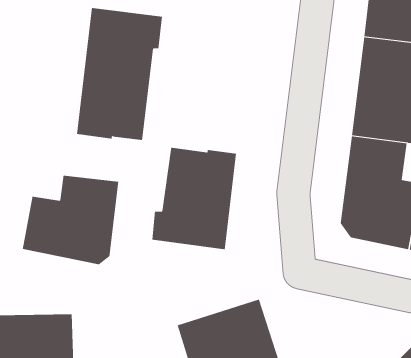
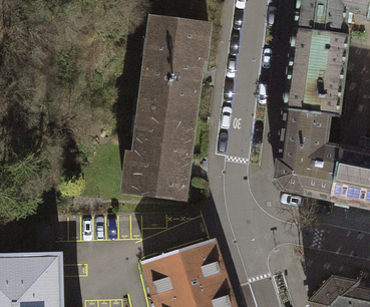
building: [76,8,163,141] -> [140,17,210,123]
building: [22,175,119,265] -> none

